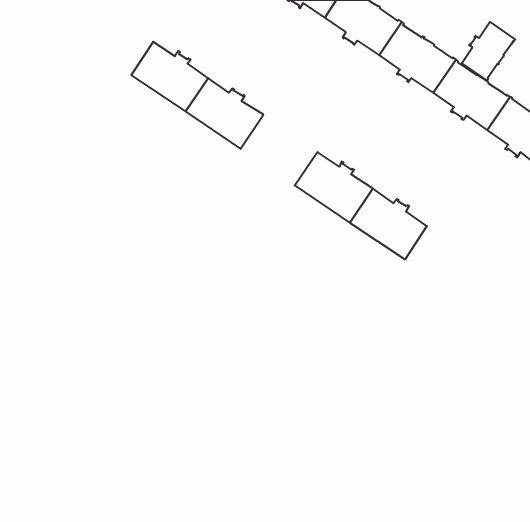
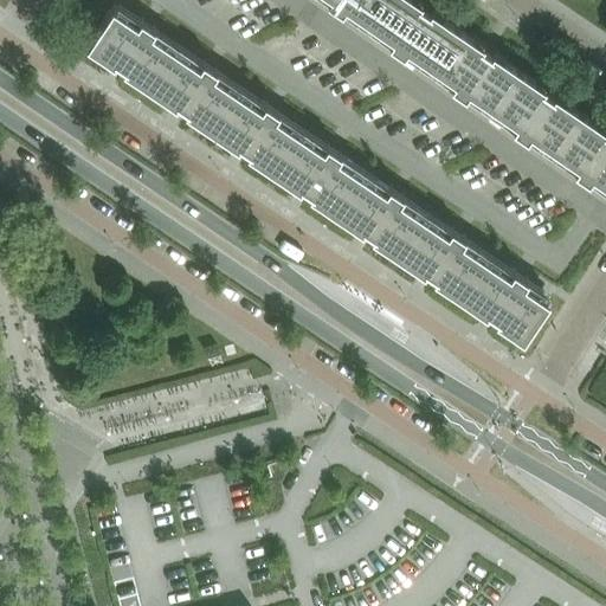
building: none -> [89,17,176,97]
building: [462,22,515,81] -> none
building: none -> [276,142,363,223]
building: none -> [463,269,550,348]

